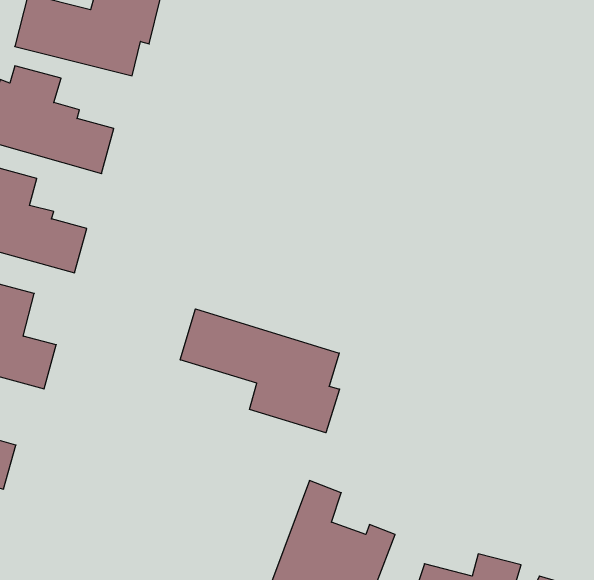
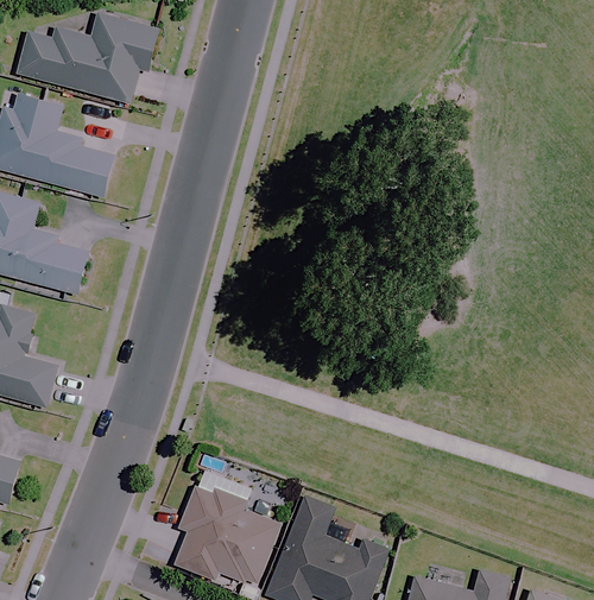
building: [180,309,340,433] -> none
building: none -> [175,486,278,585]

